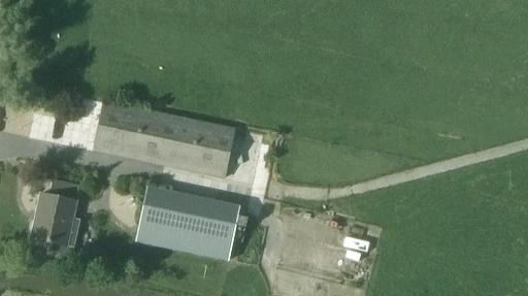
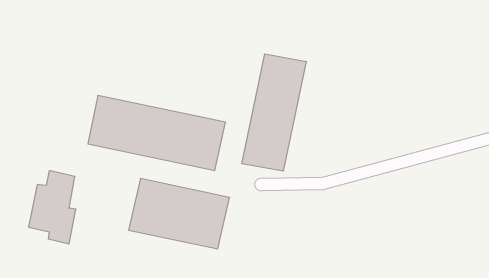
building: none -> [242,54,306,171]

